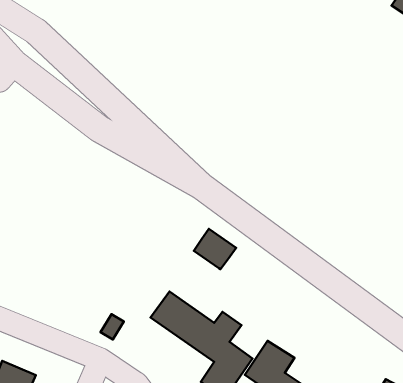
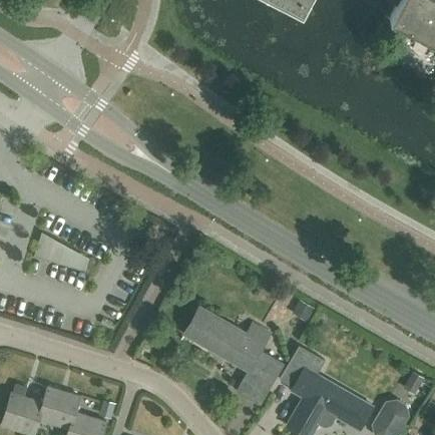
building: none -> [39,238,94,275]
building: [194,229,236,269] -> none

